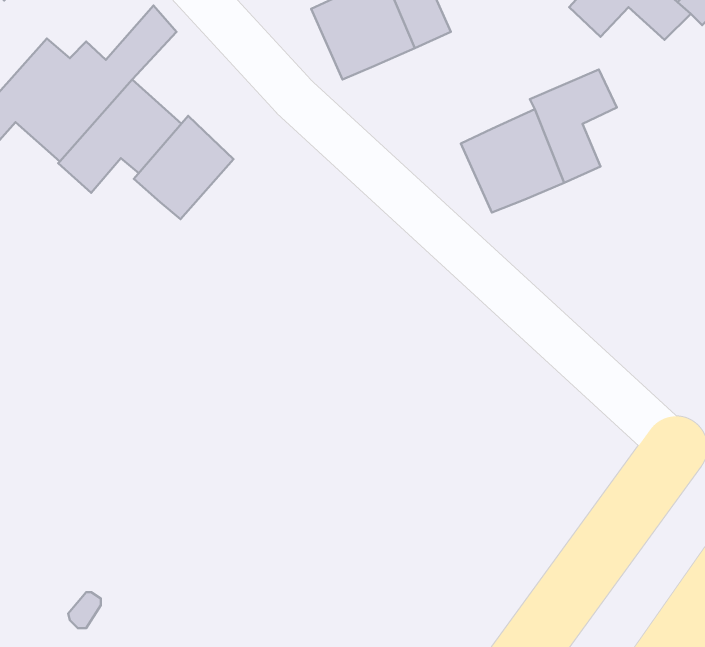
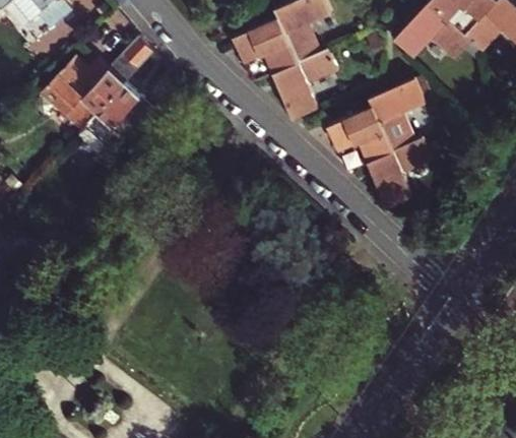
building: none -> [274,49,338,118]
building: [134,116,233,219] -> none
building: none -> [368,132,431,201]

